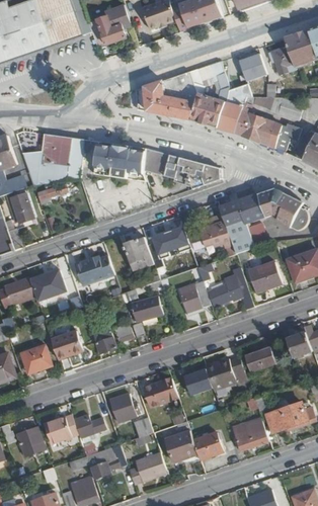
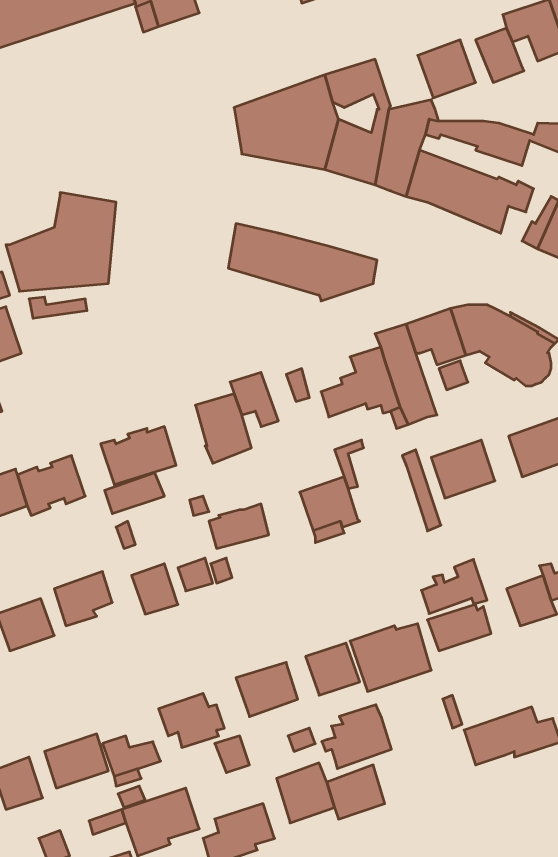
building: [91,140,145,180] -> none
building: [207,274,241,303] -> [421,559,487,614]
building: [231,417,267,450] -> [322,705,391,769]

